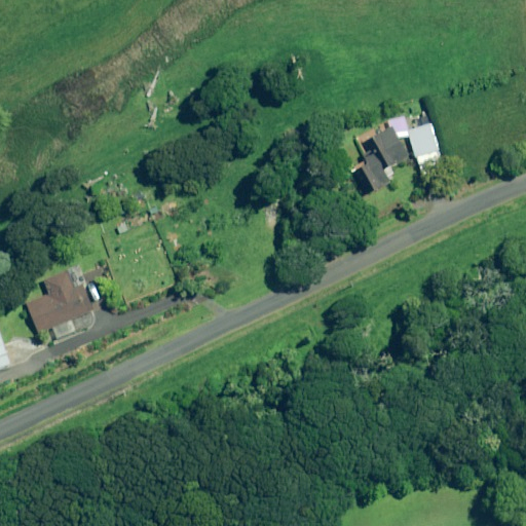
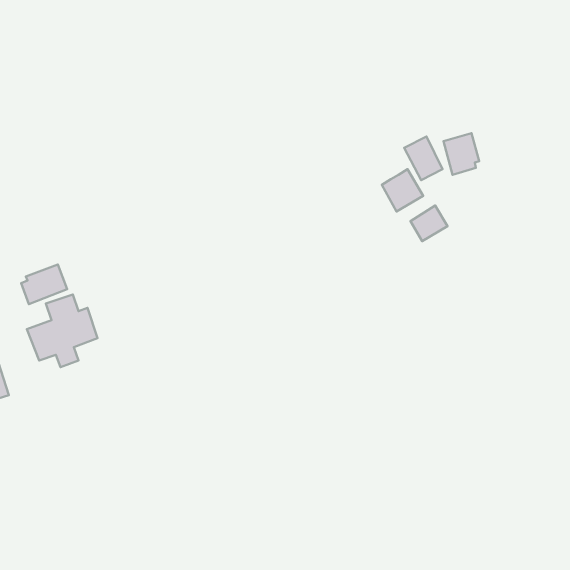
building: none -> [411,206,448,241]
building: none -> [21,264,67,304]

